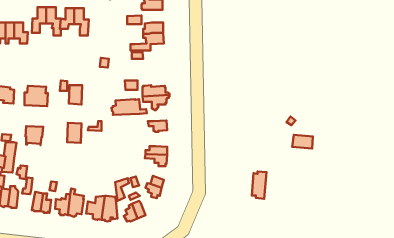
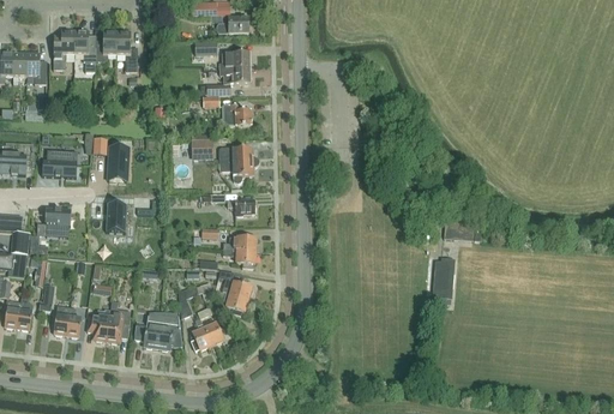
building: none -> [222,103,252,126]
building: [112,99,147,115] -> none
building: [252,171,266,199] -> [433,257,455,298]

